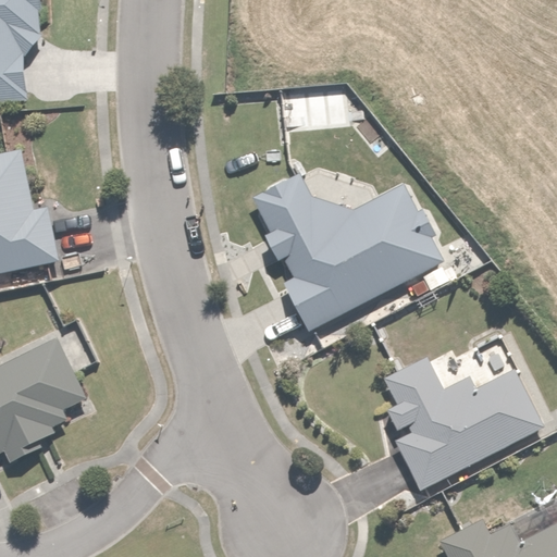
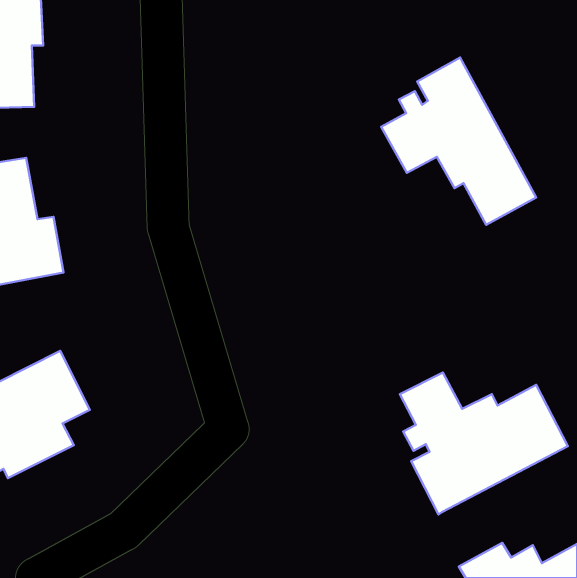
building: none -> [381,57,536,225]
building: [252,173,445,332] -> none

